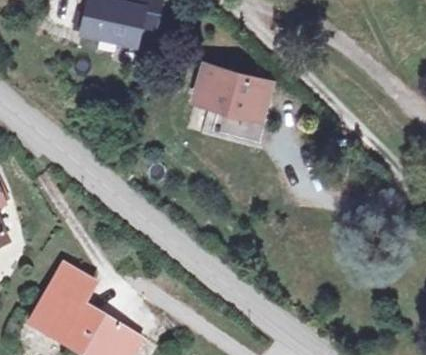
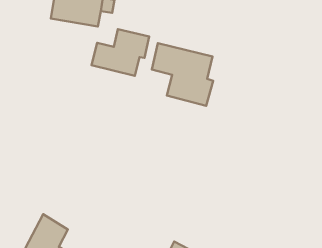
building: none -> [91,29,149,76]

